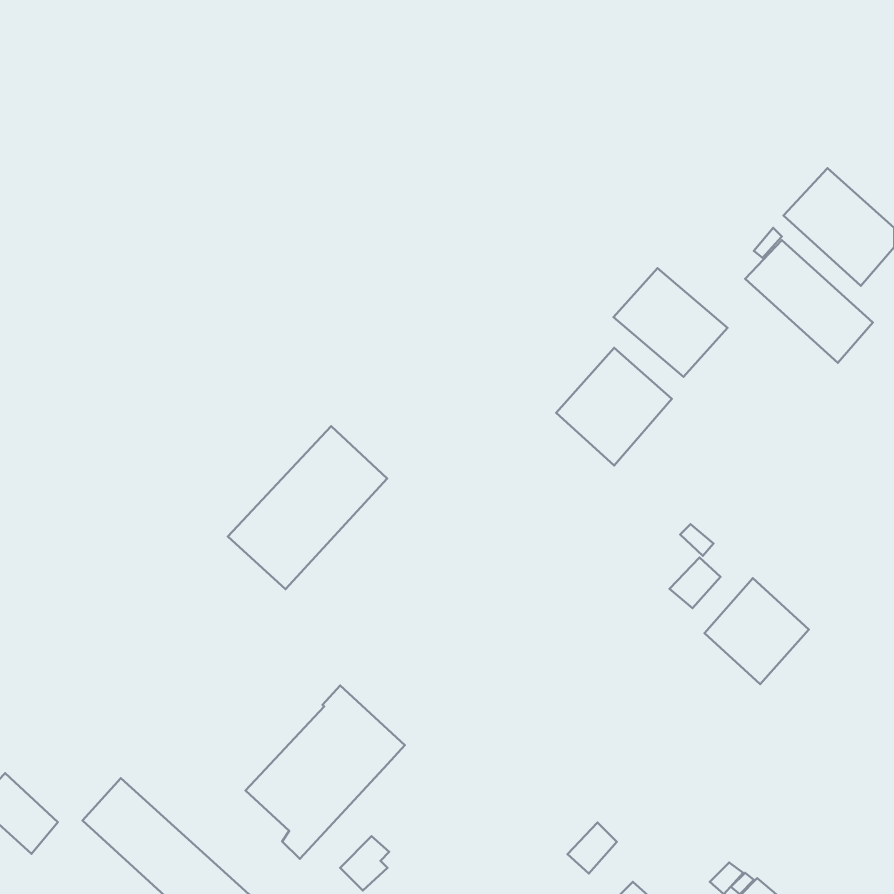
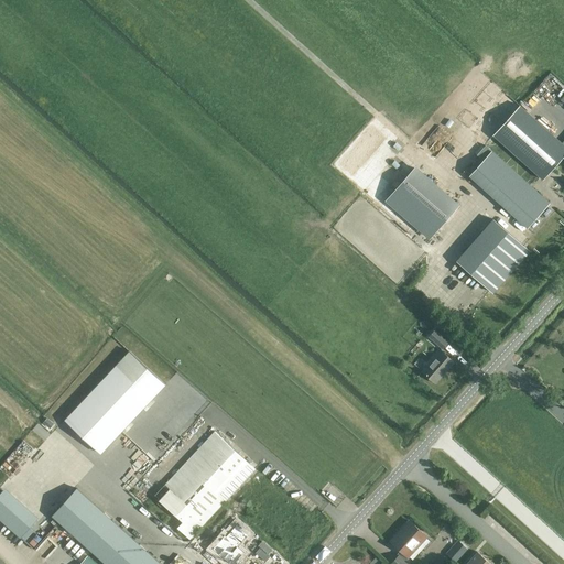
building: [556,348,672,465] -> [456,220,529,294]
building: [228,426,387,589] -> [64,351,164,454]
building: [705,578,809,684] -> none
building: [568,823,617,873] -> [390,522,421,554]

